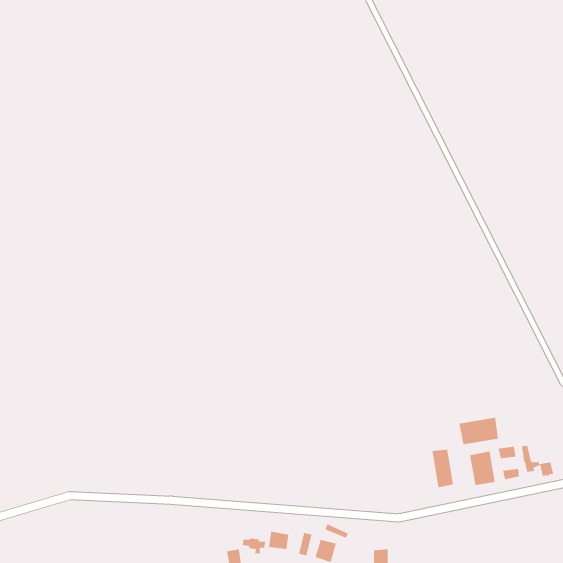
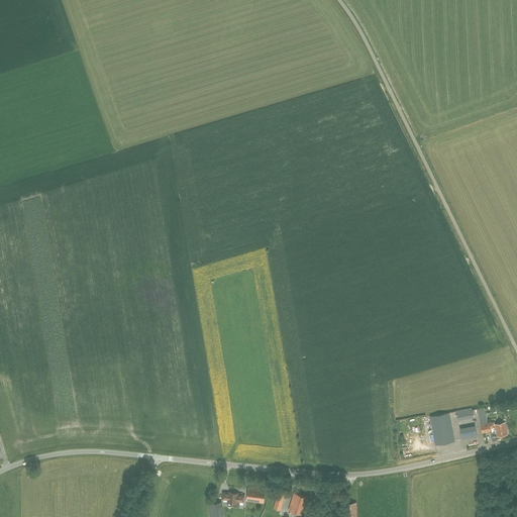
building: [459,417,499,445] -> none
building: [431,449,454,488] -> none

